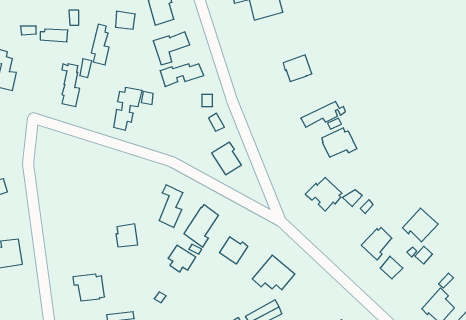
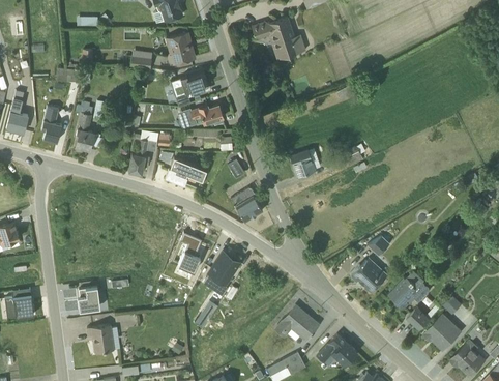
building: [91,24,109,65] -> [42,99,61,142]
building: [283,55,312,82] -> [291,148,321,176]
building: none -> [167,157,206,185]
building: [322,128,357,157] -> none
building: [305,177,342,211] -> [349,259,387,294]
building: [403,208,438,242] -> [424,315,462,350]
building: [116,224,138,247] -> [78,287,100,311]
building: [219,237,248,264] -> none
building: none -> [317,334,357,367]

